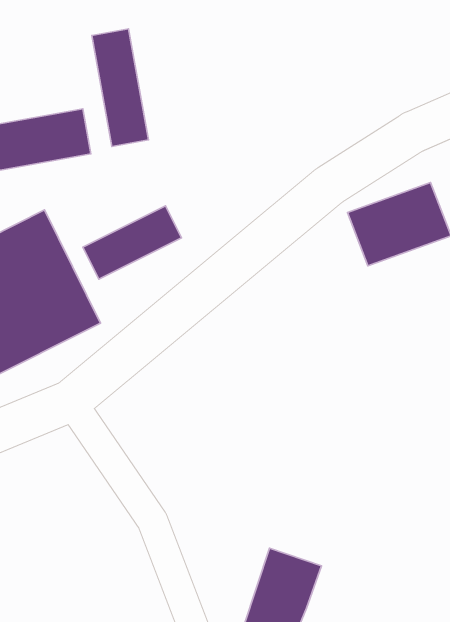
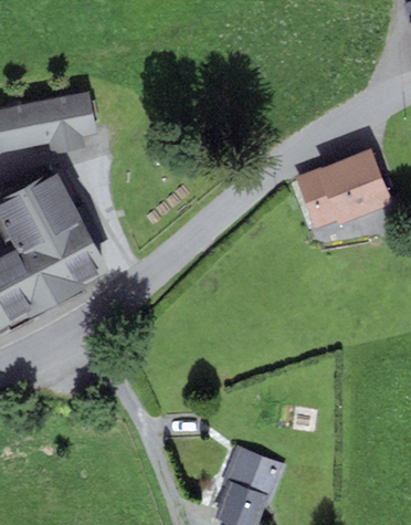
building: [92,29,148,147] -> none
building: [83,206,181,279] -> none

